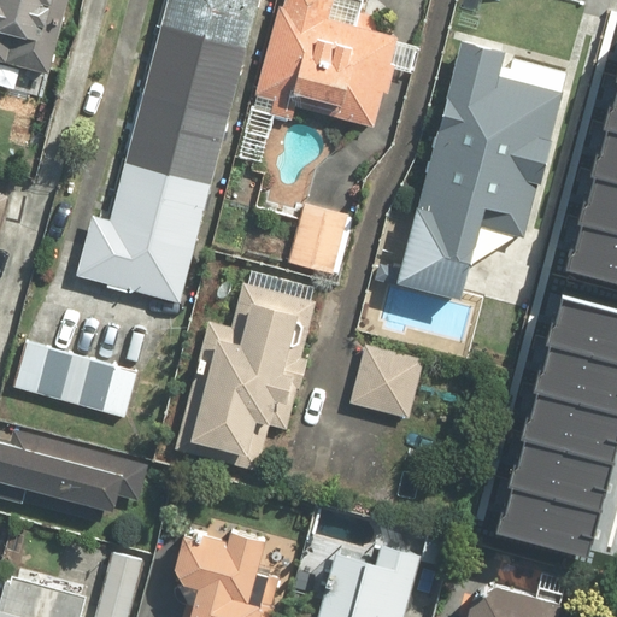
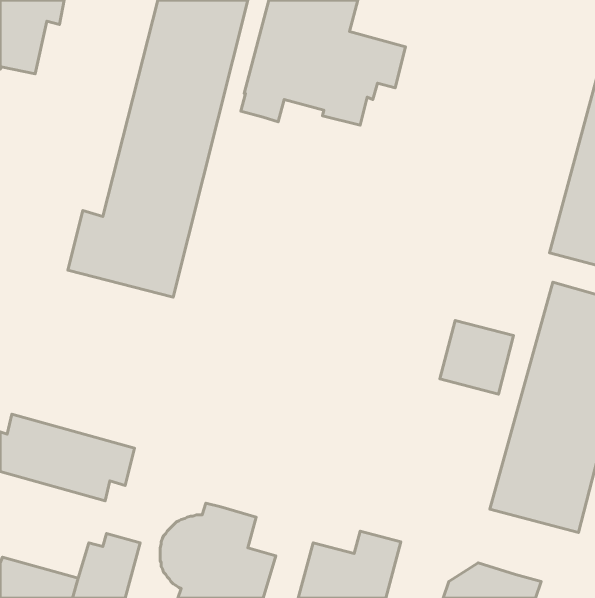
building: [394,46,558,301] -> none
building: [288,202,357,278] -> none
building: [174,283,315,472] -> none
building: [13,339,137,417] -> none
building: [348,345,424,421] -> [440,320,514,394]

